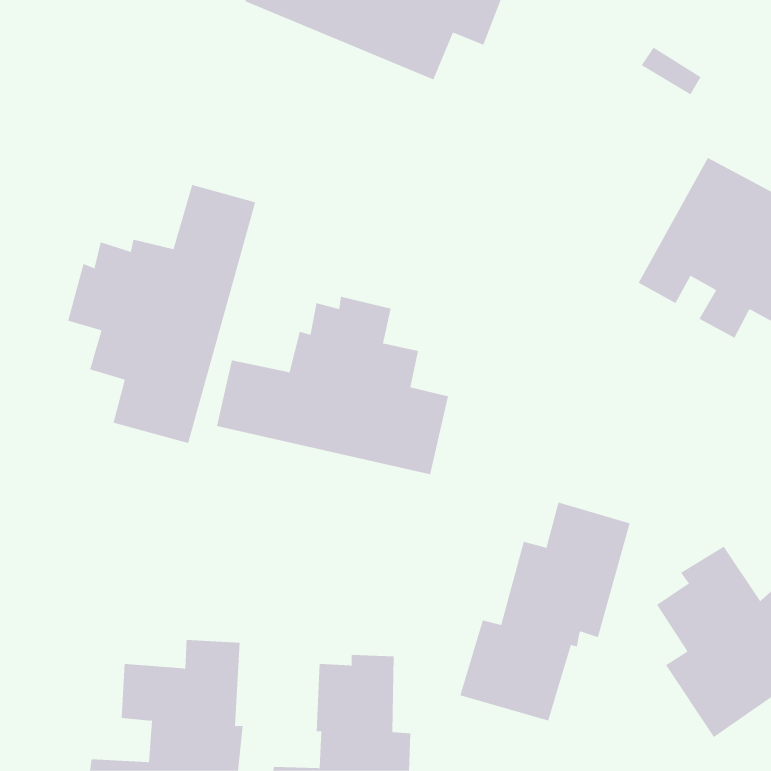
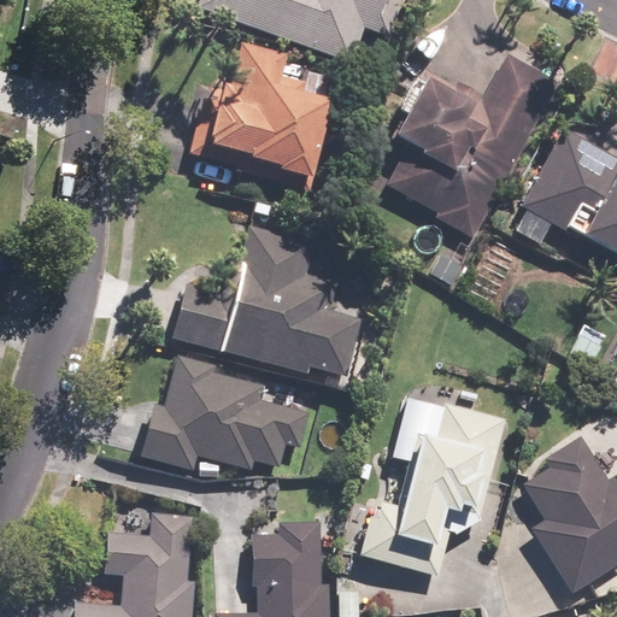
building: none -> [188,42,337,196]
building: none -> [381,55,556,237]
building: [68,184,256,444] -> none
building: none -> [143,353,306,470]

